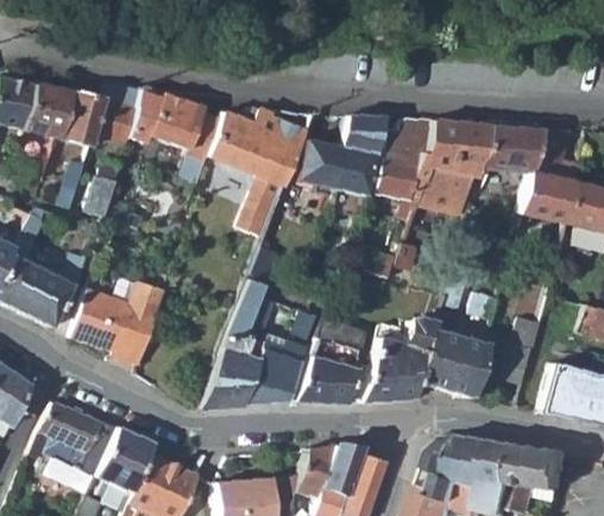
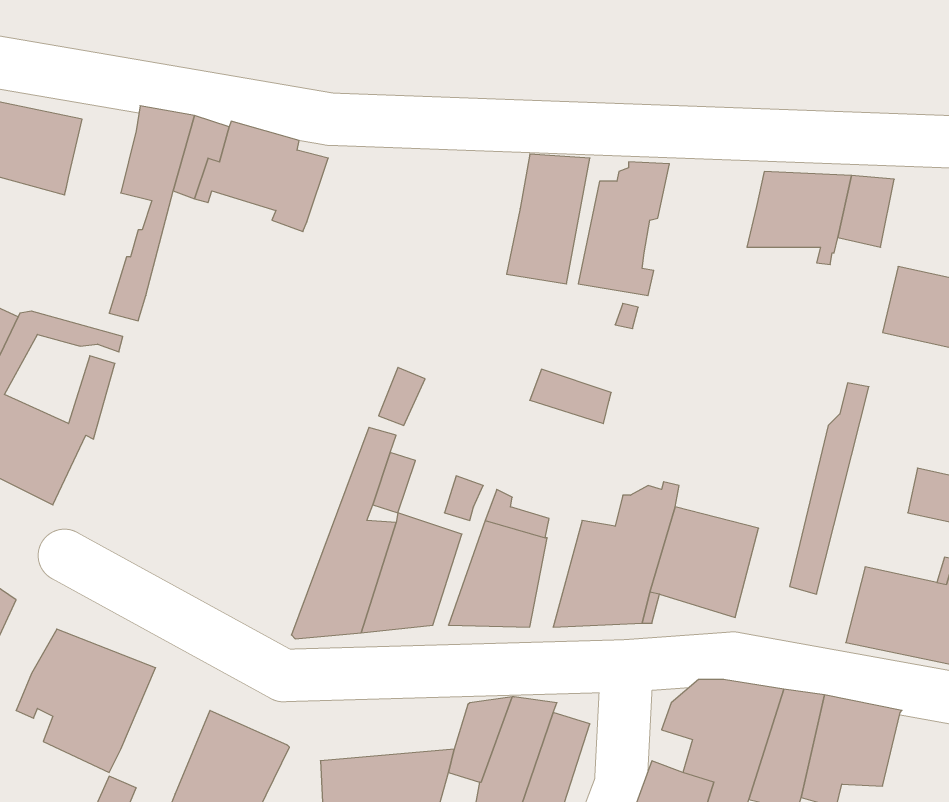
building: [58,92,102,207] -> none
building: [207,106,308,232] -> none
building: [413,119,487,215] -> none
building: [295,140,338,187] -> none
building: [520,174,570,222] -> none
building: [70,281,163,364] -> none
building: [93,428,151,505] -> none

